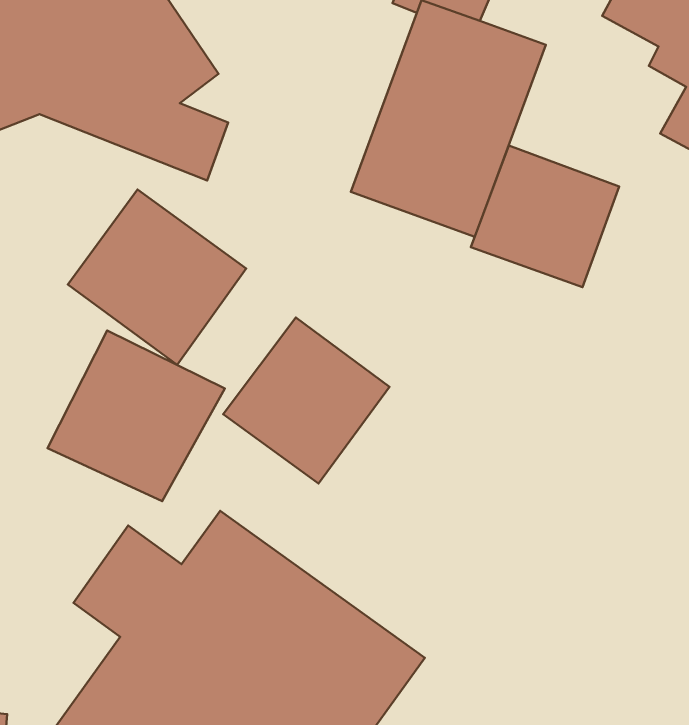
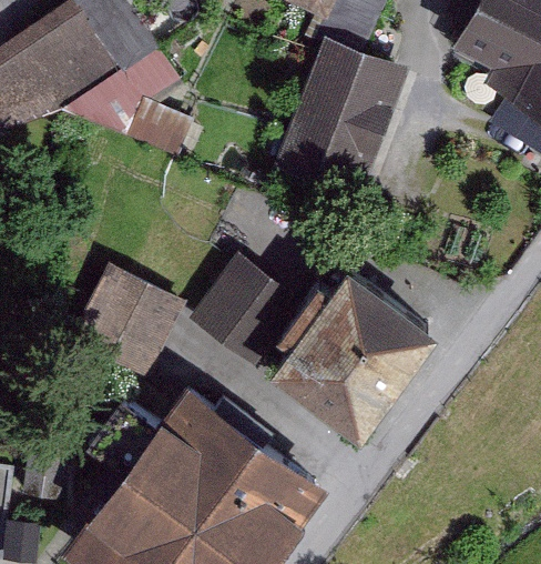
building: [471,146,619,287] -> none
building: [68,190,246,365] -> none
building: none -> [269,268,440,444]

